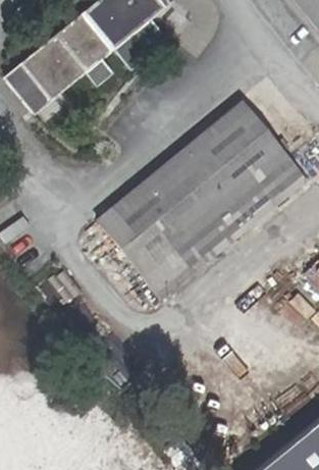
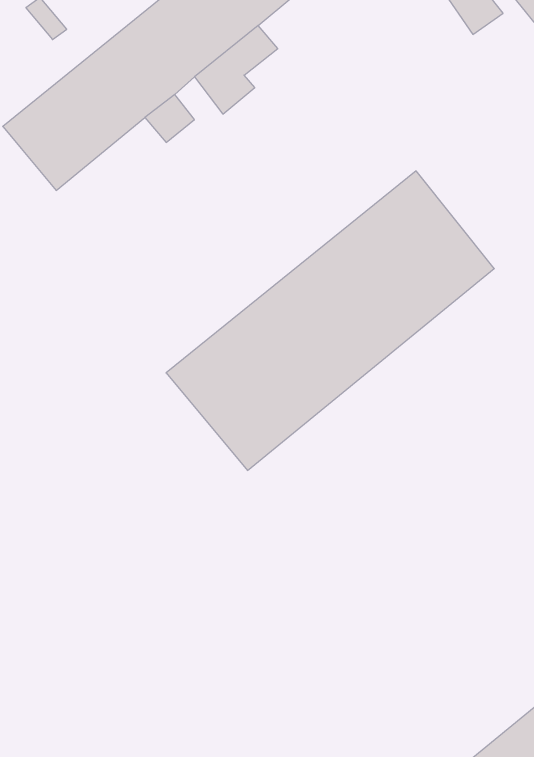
building: [146,158,305,296] -> none

